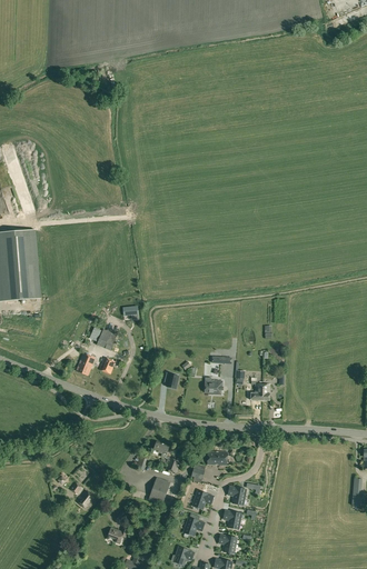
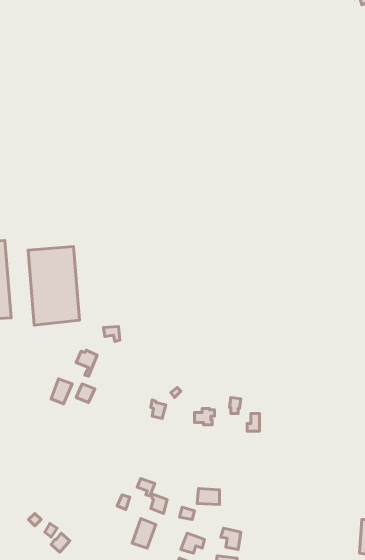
building: none -> [28,246,79,325]

